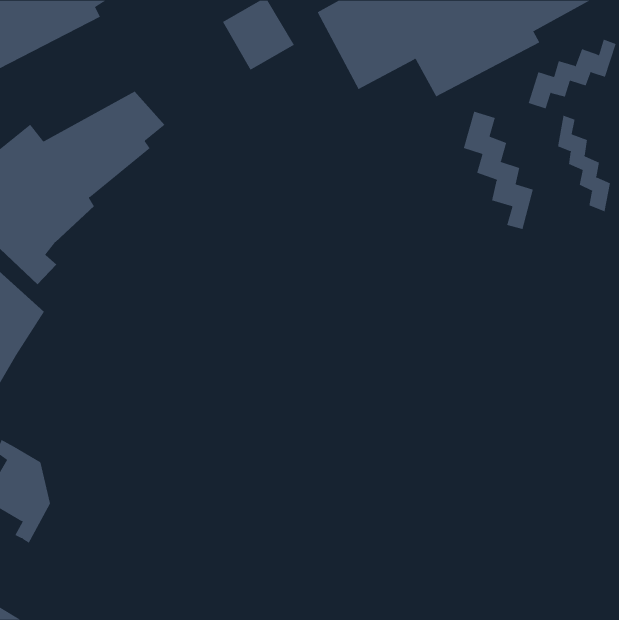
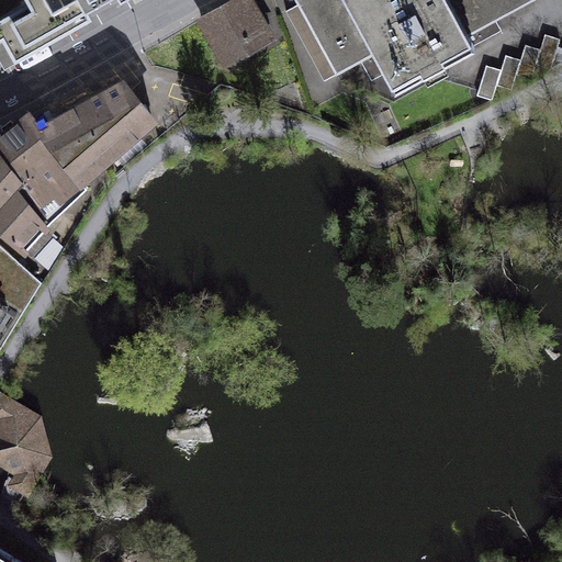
building: [463,111,534,230] -> none
building: [557,115,611,212] -> none

